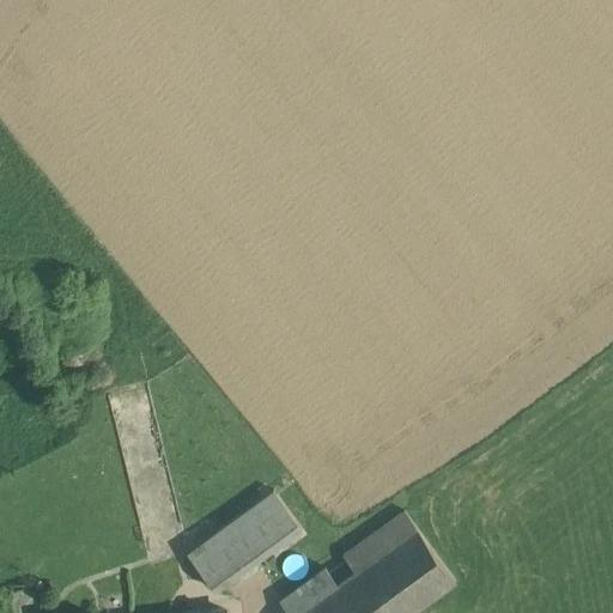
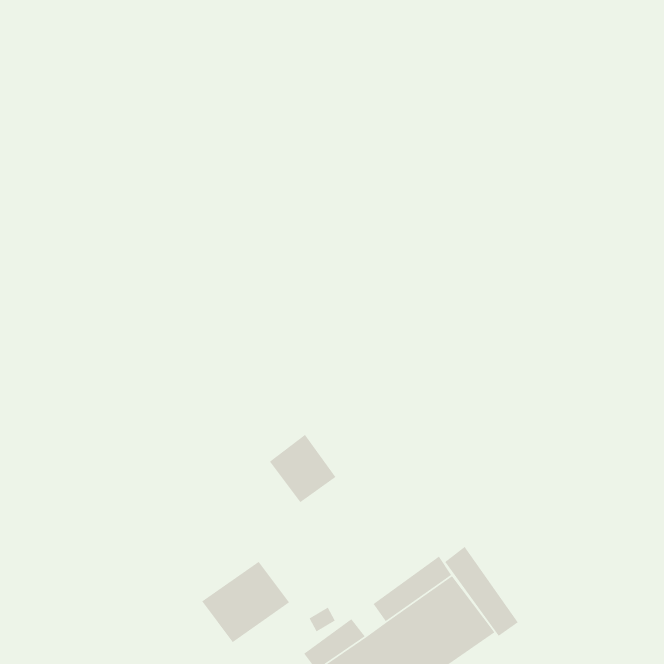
building: [237,492,299,556] -> [269,434,337,503]
building: none -> [444,546,519,637]

